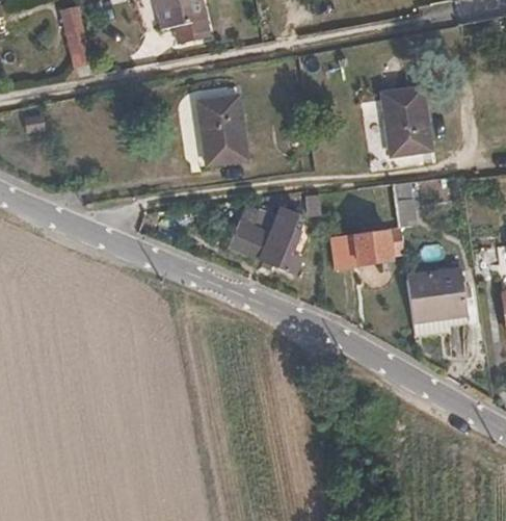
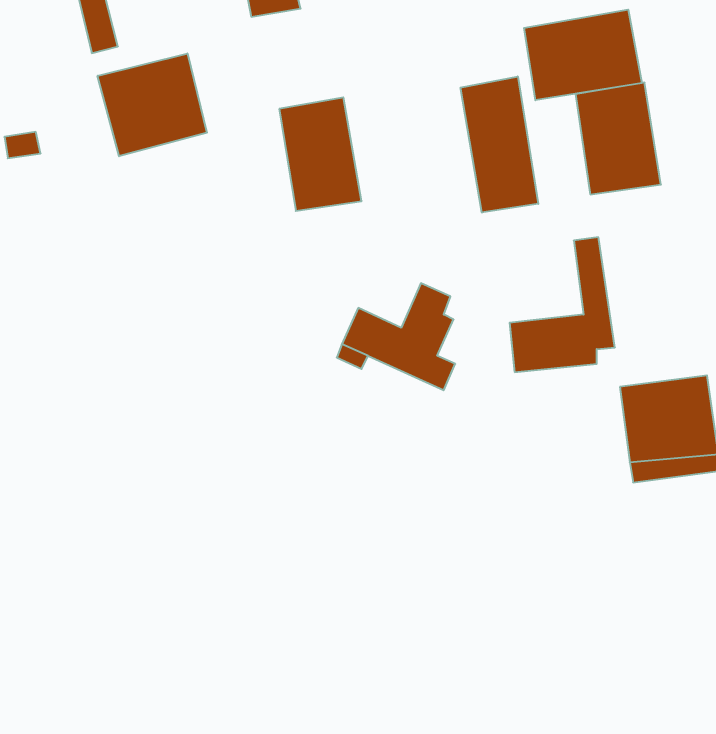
building: none -> [524,10,642,100]
building: none -> [98,53,207,156]
building: none -> [461,76,538,213]

